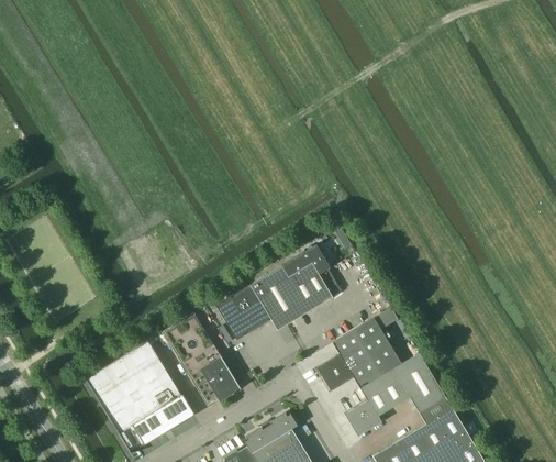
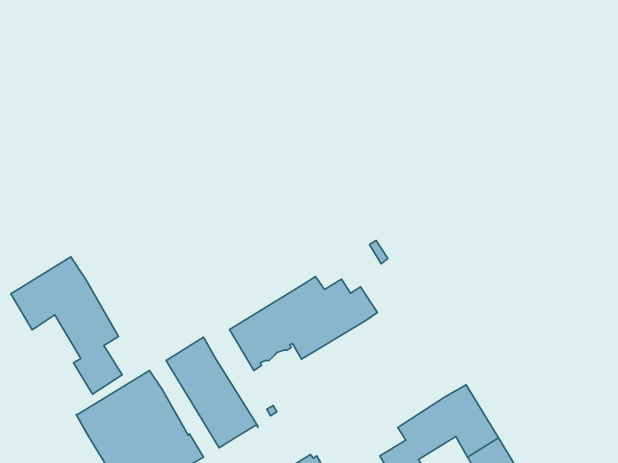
building: none -> [11,257,122,394]
building: [290,245,331,275] -> none
building: [316,308,401,392] -> none

